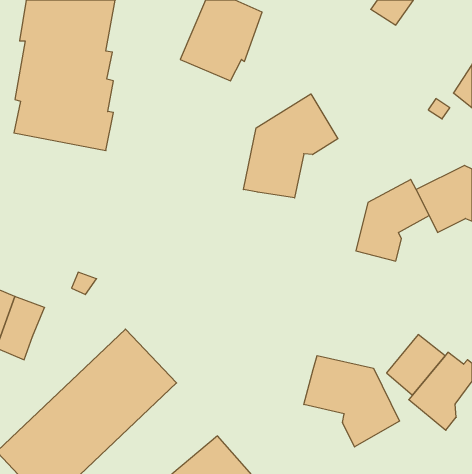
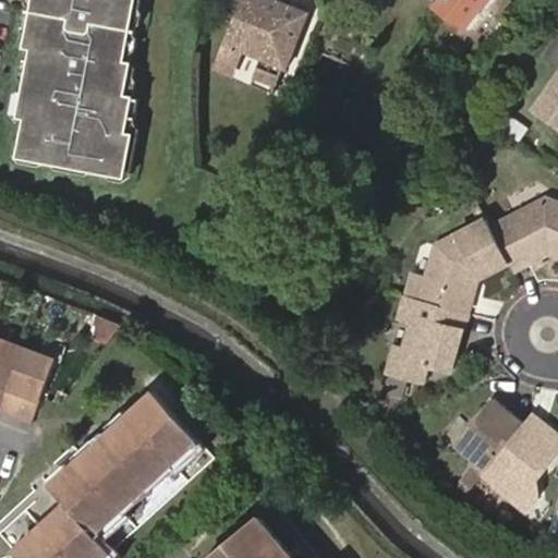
building: [243,94,338,198] -> none
building: none -> [389,295,464,377]
building: [304,356,399,447] -> none

